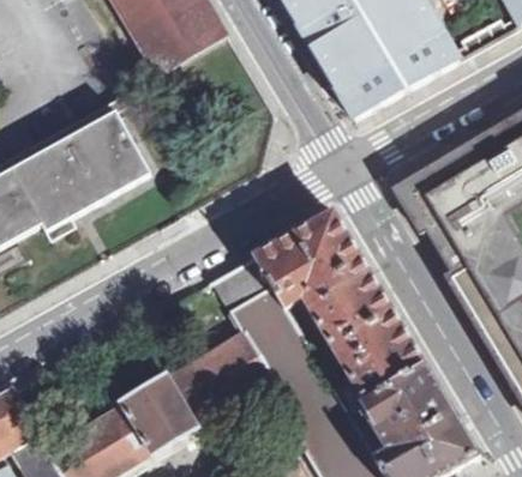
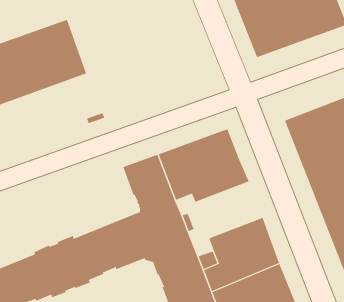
building: [307,270,394,348] -> none

